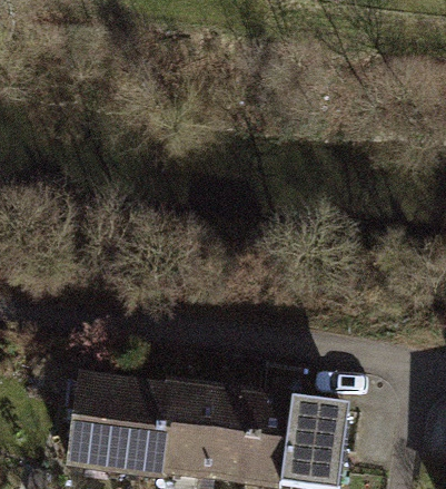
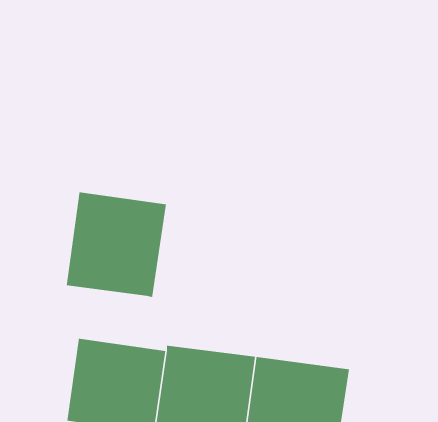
building: none -> [66,191,167,298]

